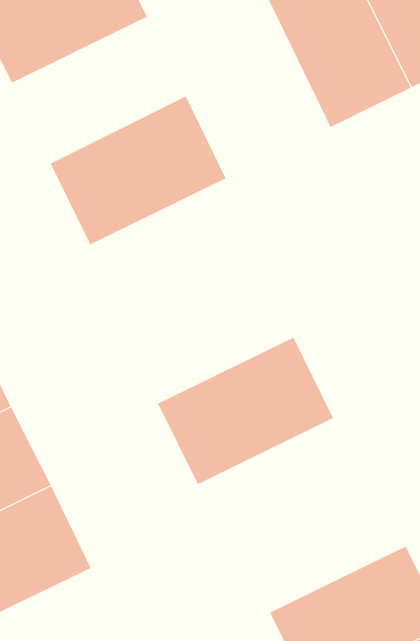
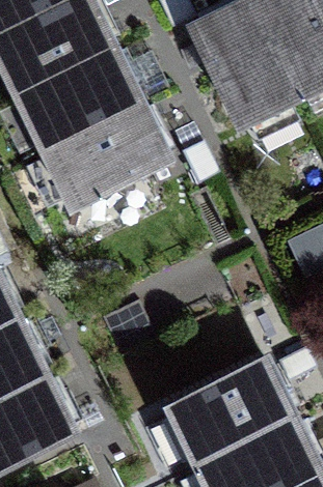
building: none -> [16,46,138,148]
building: [157,337,334,485] -> [168,359,292,462]

